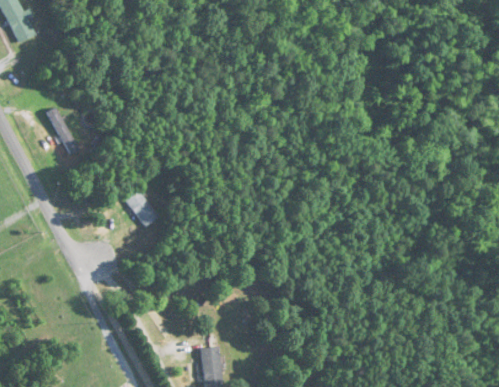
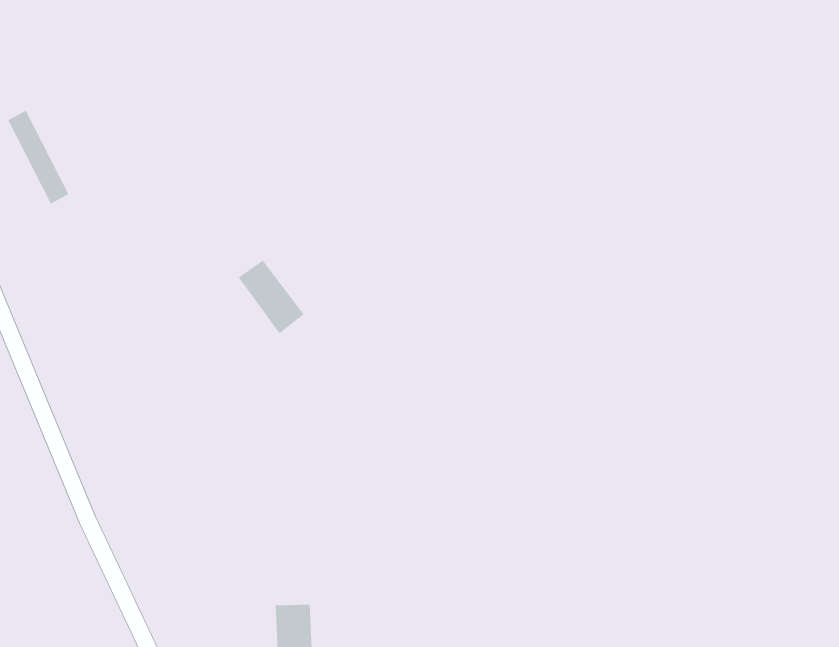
building: [123,190,158,227] -> [238,260,304,334]

